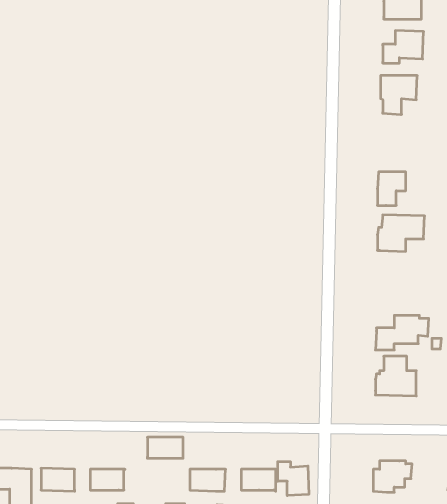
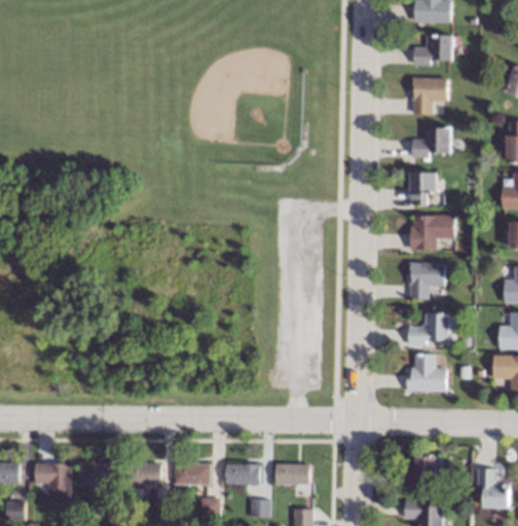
building: none -> [412,126,451,159]
building: none -> [408,262,445,300]
building: [147,437,183,458] -> [175,463,210,484]
building: [278,462,309,496] -> none

